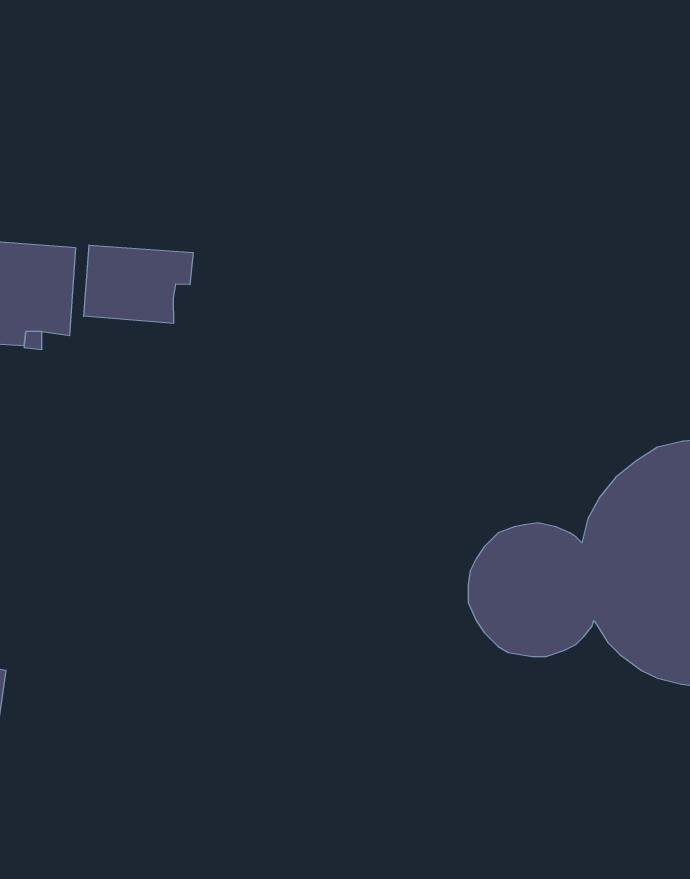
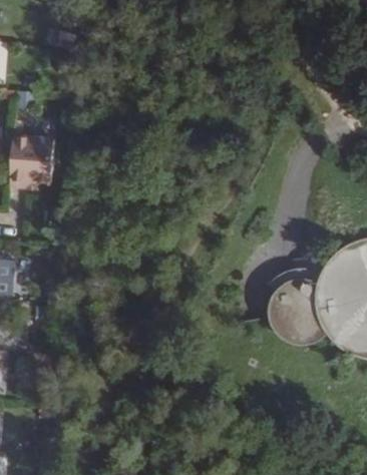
building: [84,245,193,323] -> none

